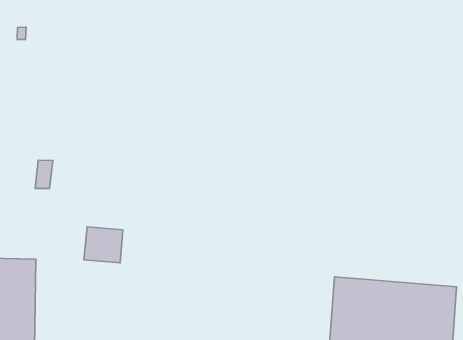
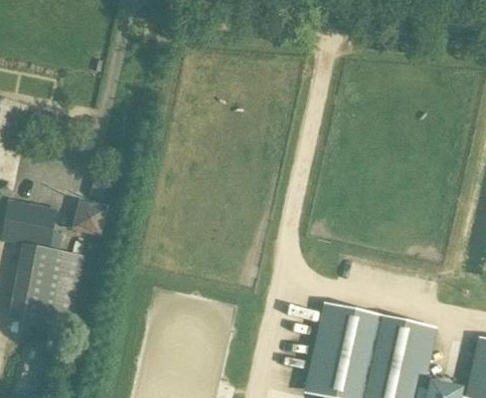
building: [84,227,123,263] -> [67,201,104,235]

